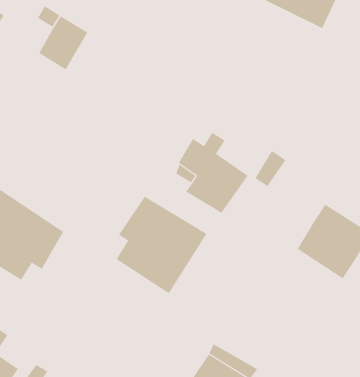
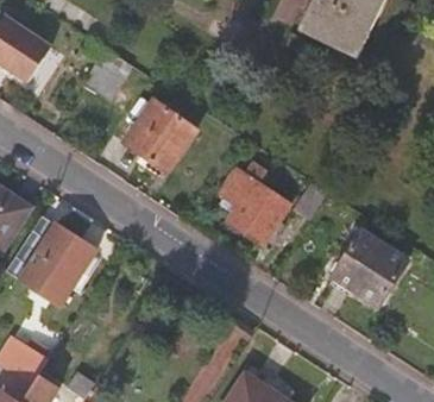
building: none -> [122,101,196,174]
building: [116,196,207,294] -> none

